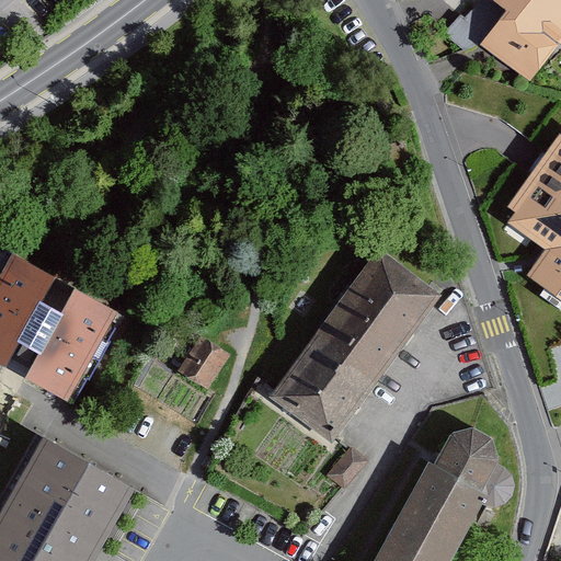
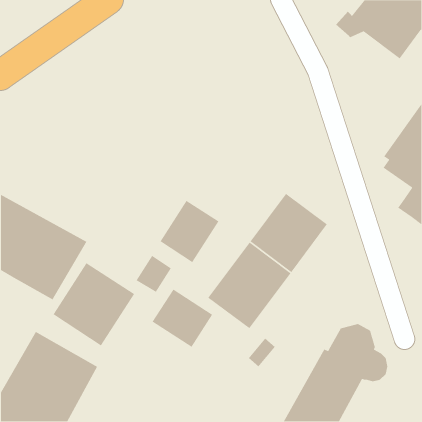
building: none -> [159,200,220,263]
building: none -> [52,262,135,346]
building: none -> [152,289,213,348]

